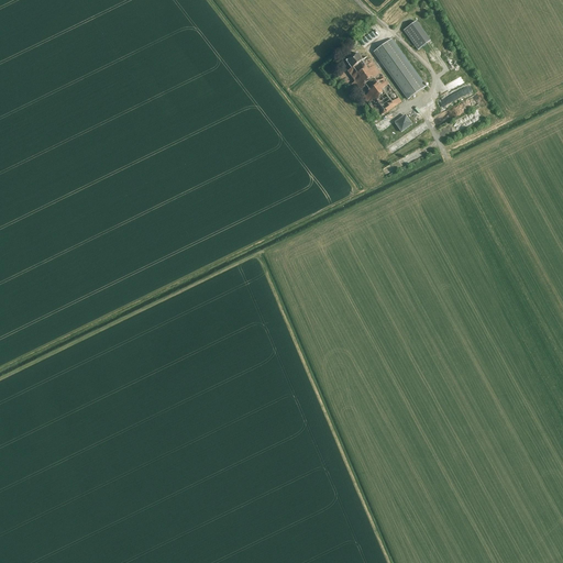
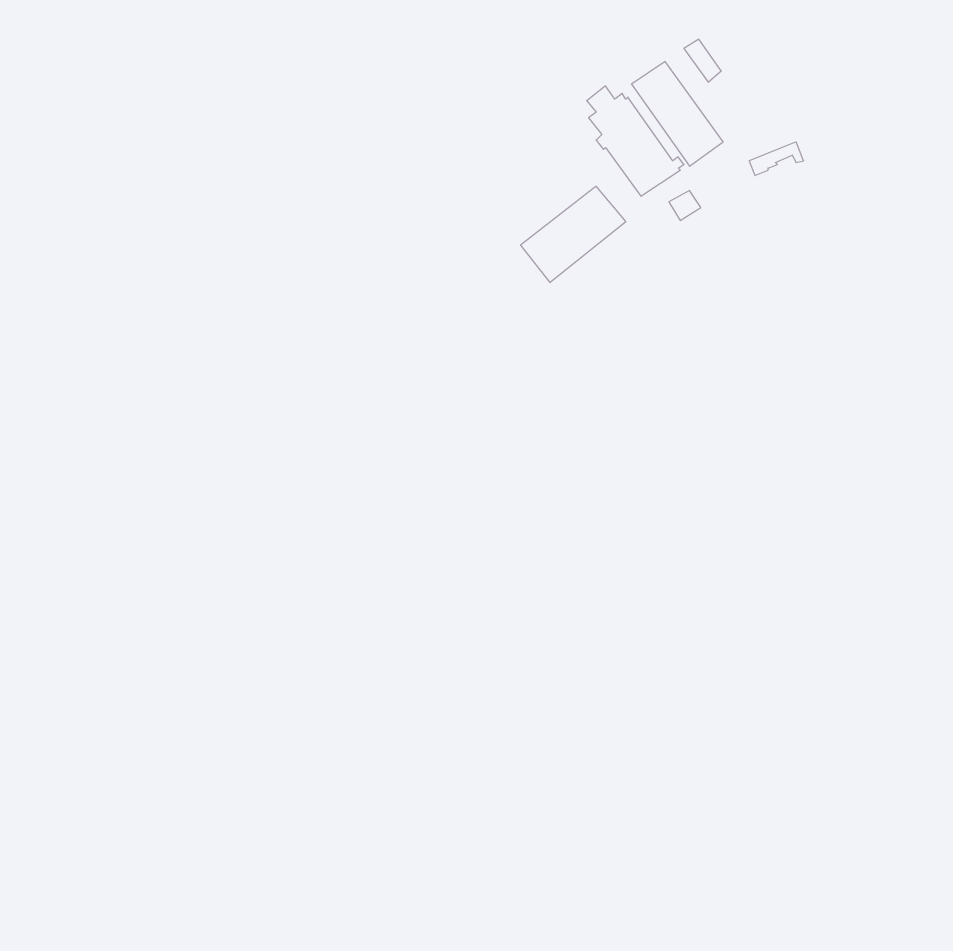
building: none -> [521,186,626,283]

